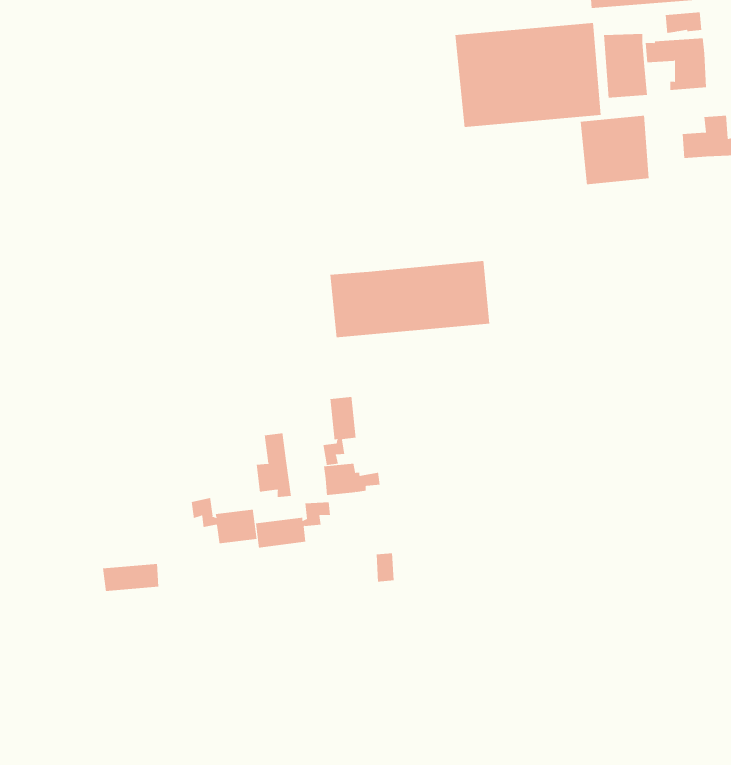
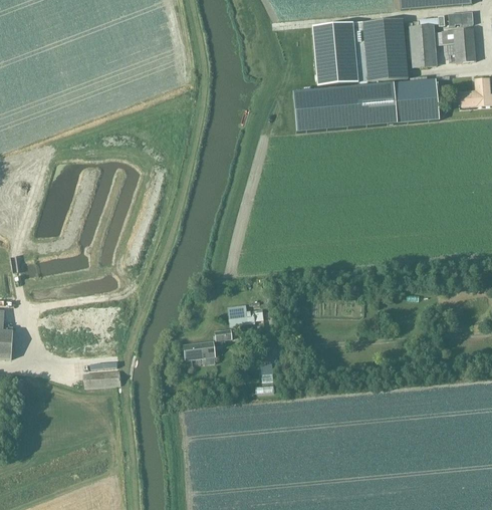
building: [330,261,490,338] -> [293,81,398,132]
building: [323,396,356,466] -> none
building: [256,433,291,498] -> none
building: [191,497,257,544] -> none

